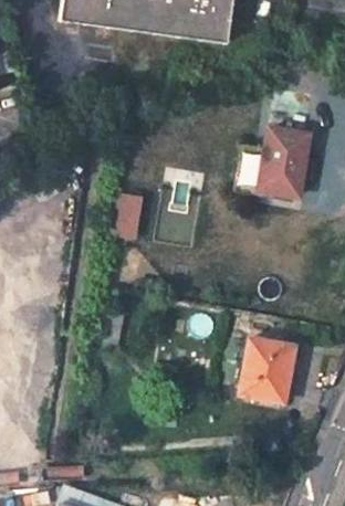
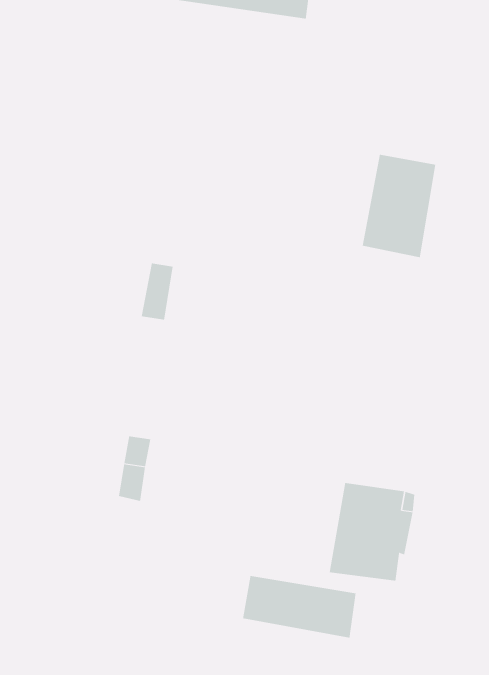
building: none -> [243,575,356,639]

